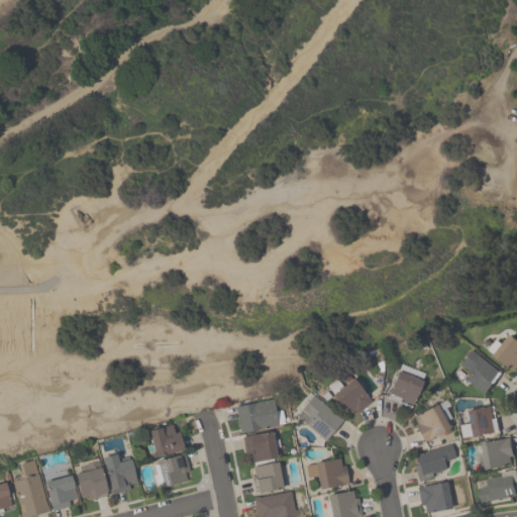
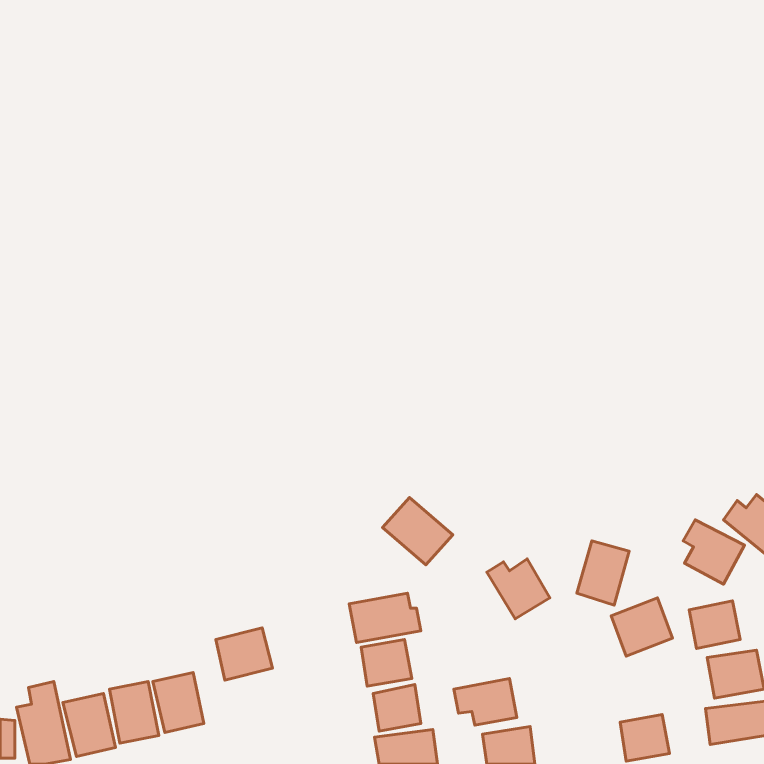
building: [297,395,344,440] -> [383,497,453,565]
building: [414,444,456,479] -> none
building: [156,453,193,488] -> none

